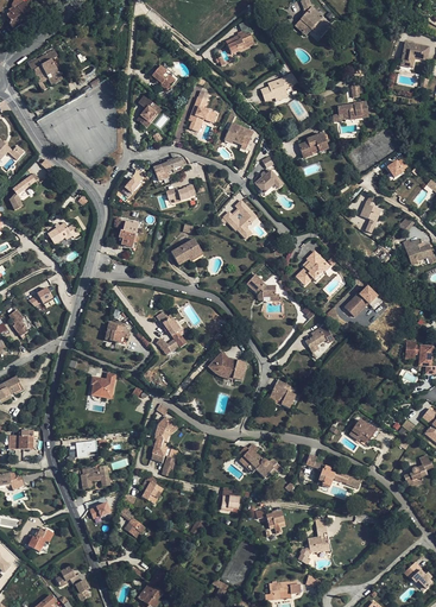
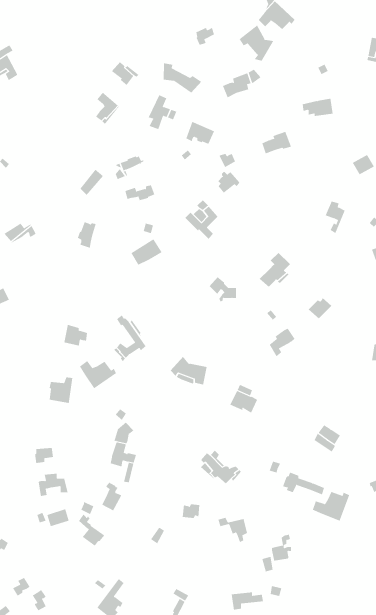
building: none -> [239,25,274,61]
building: none -> [163,63,202,94]
building: none -> [79,360,117,389]
building: none -> [312,491,350,522]

